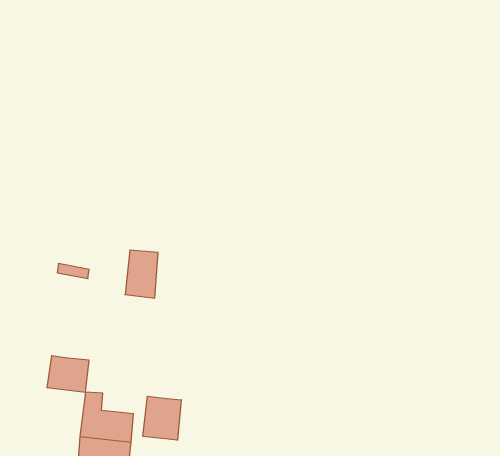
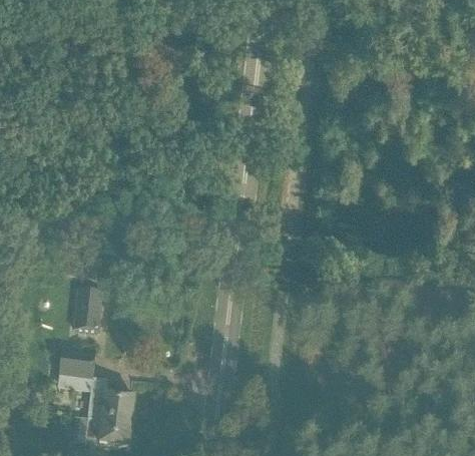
building: [125,250,158,298] -> [74,289,103,331]
building: [143,396,181,440] -> none

